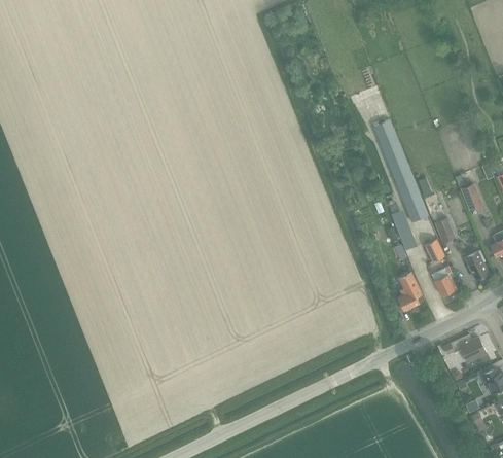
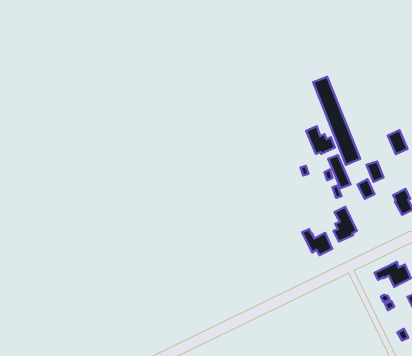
building: none -> [306,126,335,154]
building: [431,267,455,296] -> none
building: none -> [302,229,332,255]

